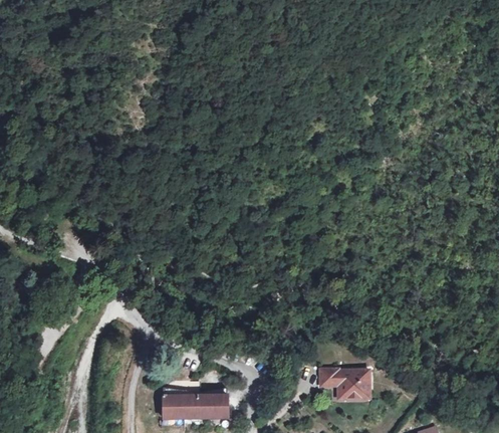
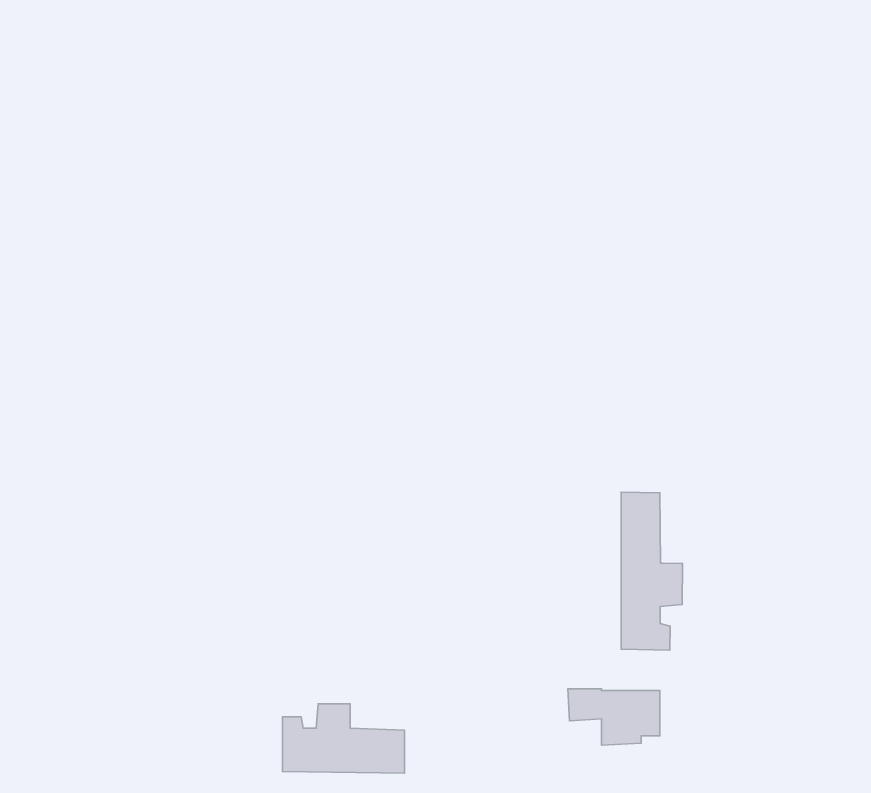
building: none -> [621,492,682,650]

